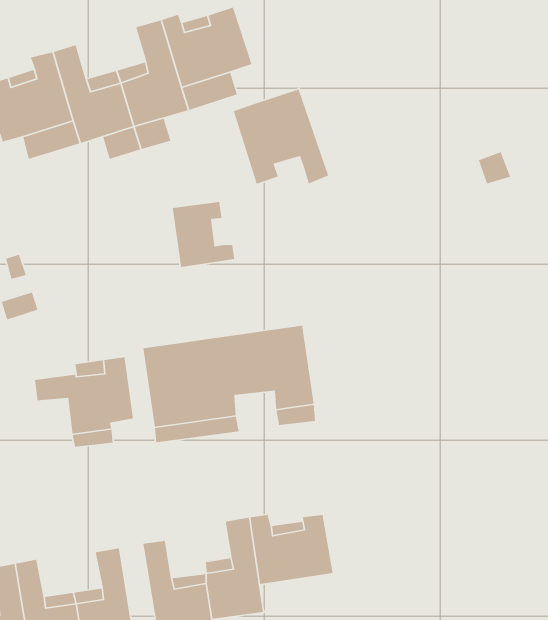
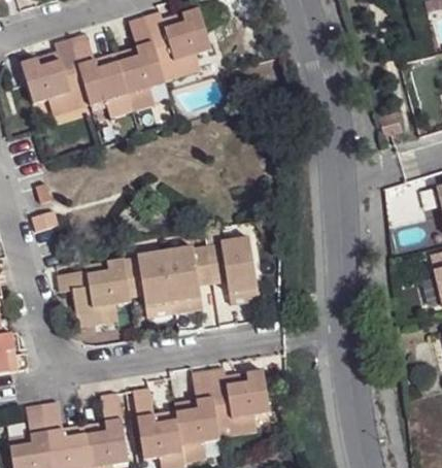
building: [233,89,329,185] -> none
building: [172,201,235,268] -> none

